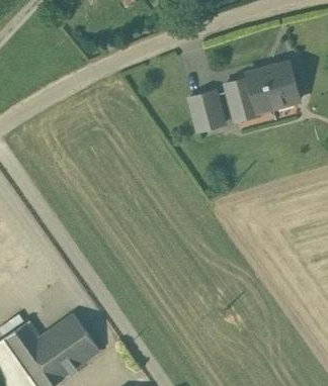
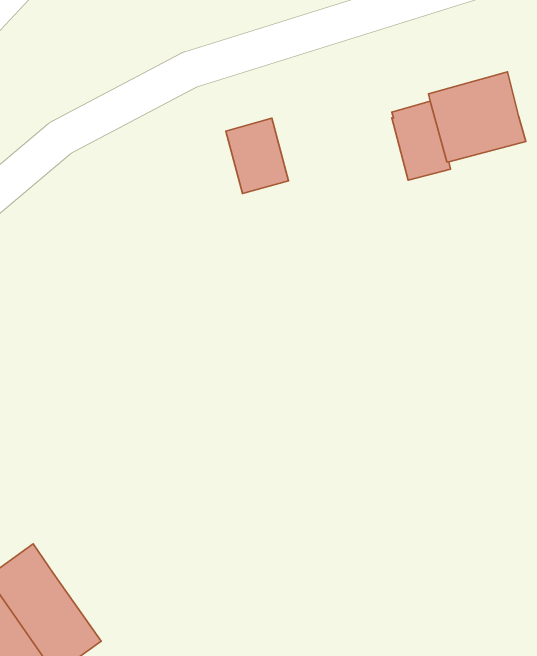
building: [190,90,225,131] -> [226,118,288,194]
building: [40,313,100,375] -> none

